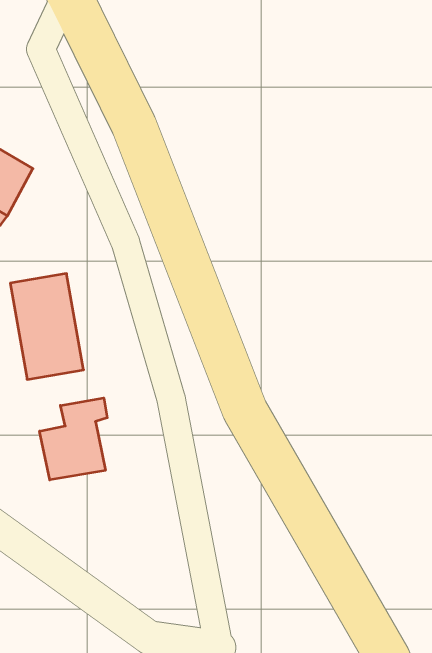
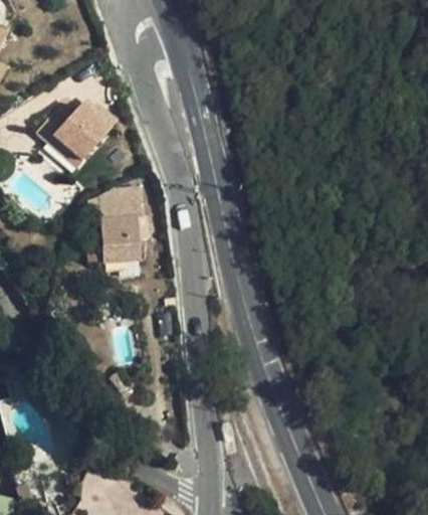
building: [40,398,107,480] -> none

